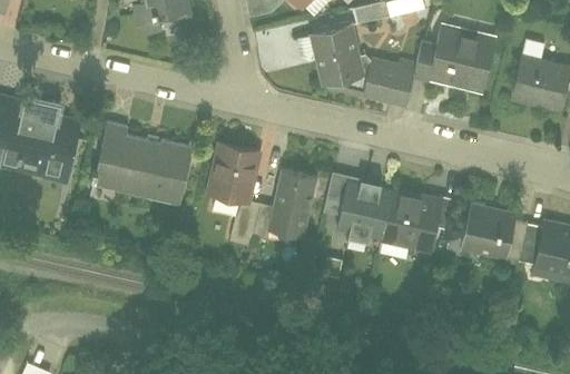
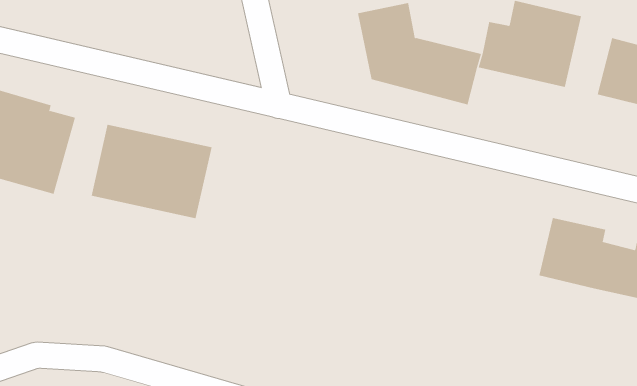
building: [207,142,262,203] -> none
building: [266,167,318,240] -> none
building: [324,173,456,252] -> none

